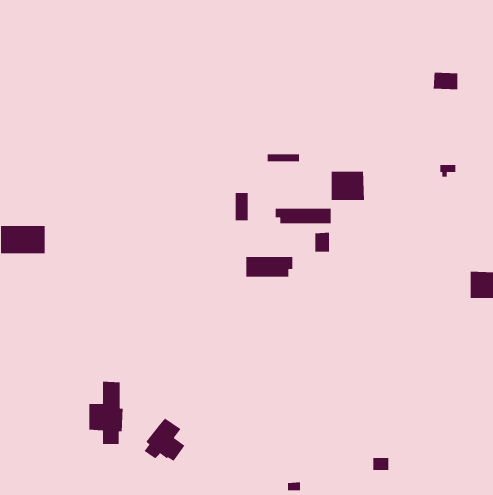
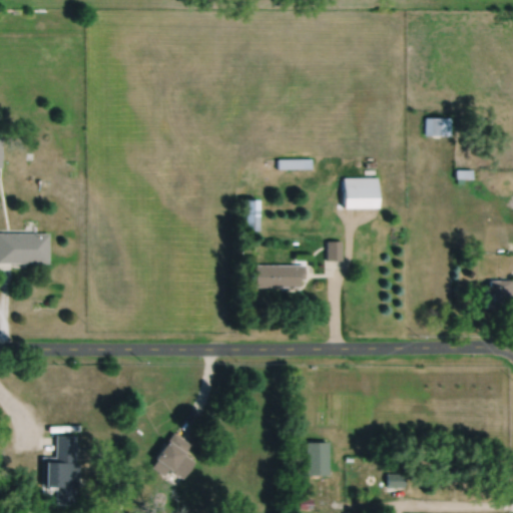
building: [433,72,458,90] -> [426,117,452,136]
building: [275,208,331,224] -> none
building: [88,381,123,445] -> [43,434,79,500]
building: none -> [306,441,329,475]

